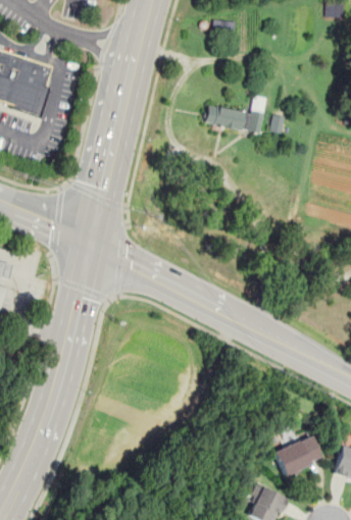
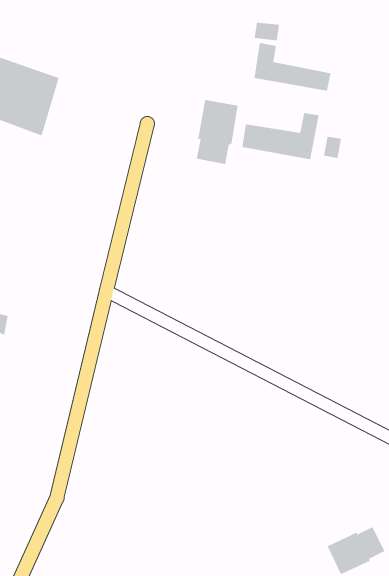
building: none -> [254,42,331,92]
building: none -> [196,99,238,165]

